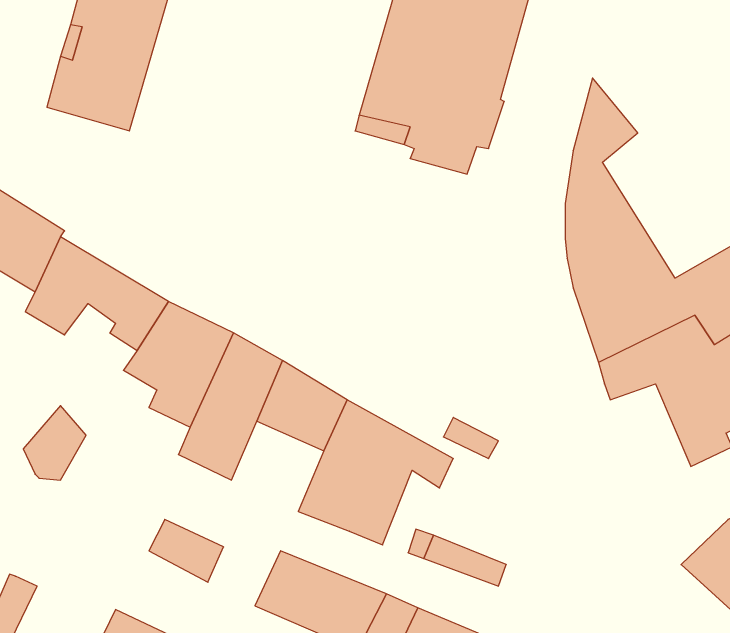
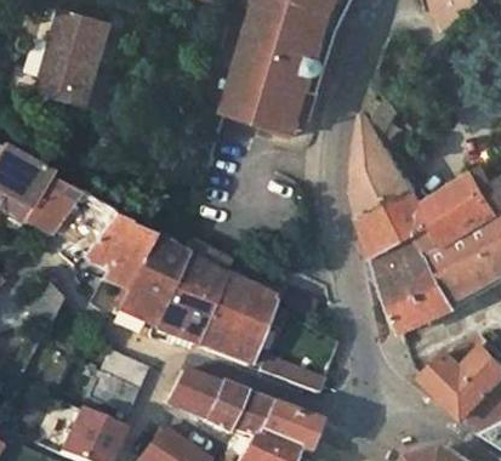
building: none -> [383,267,433,330]
building: none -> [149,290,206,346]
building: none -> [86,370,135,415]

